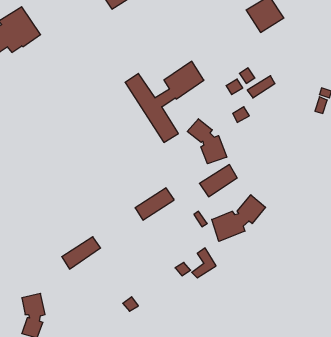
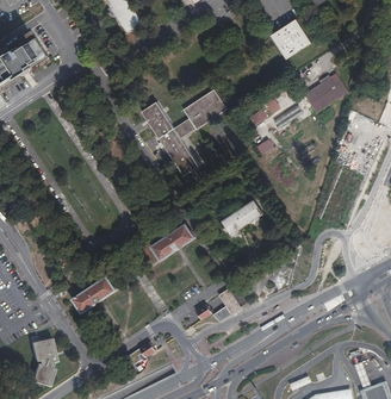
building: none -> [304,74,347,113]
building: [187,119,227,164] -> none
building: [212,195,266,241] -> none

